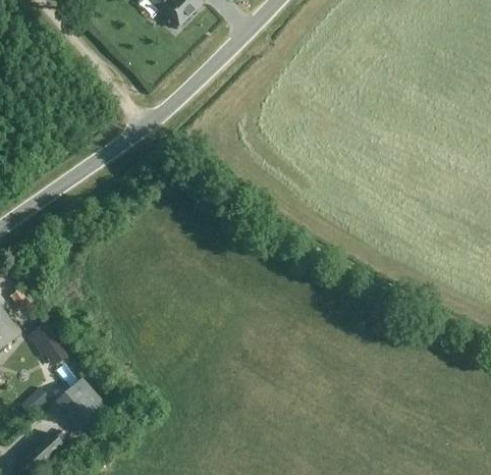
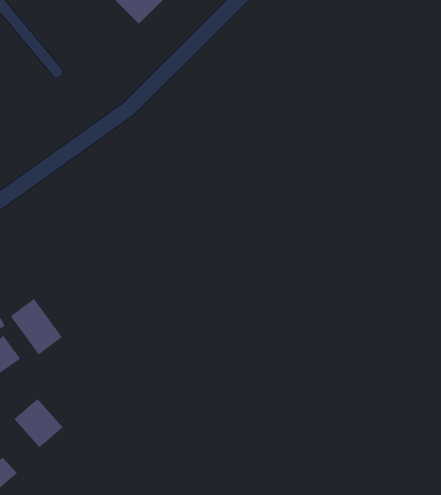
building: none -> [10,298,63,355]

